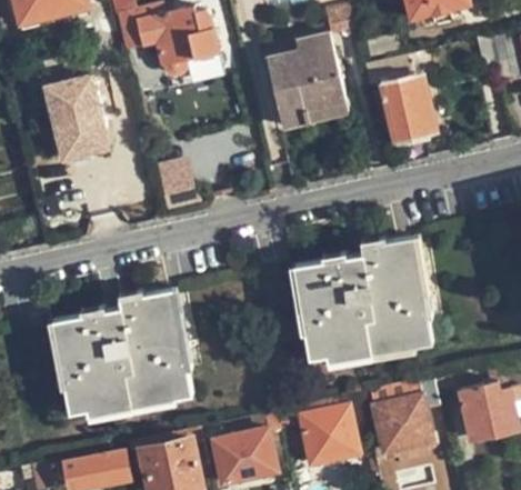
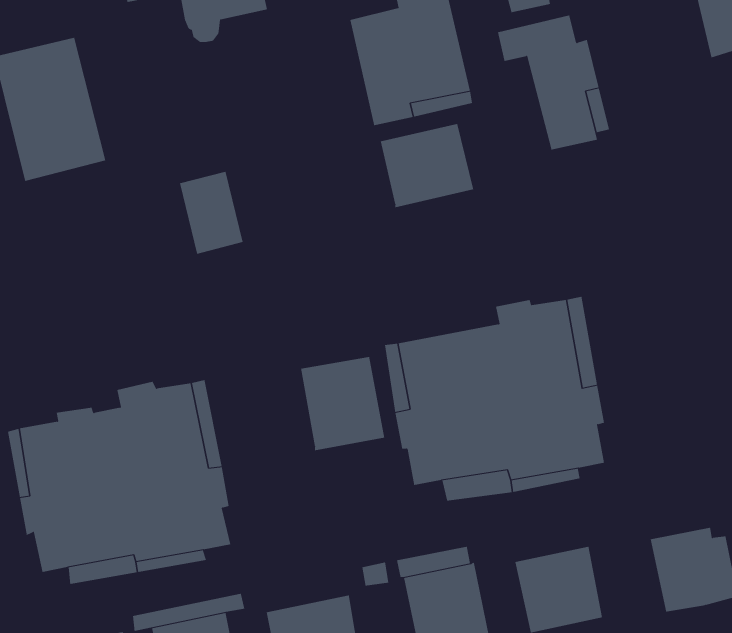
building: none -> [380,123,474,208]
building: none -> [300,356,385,451]

